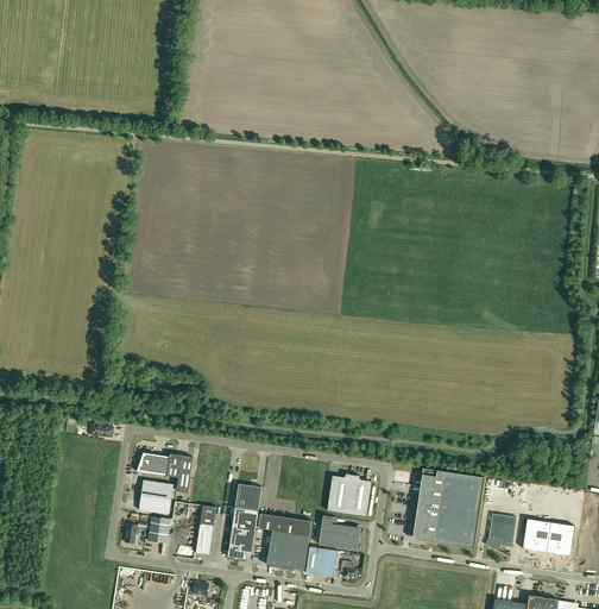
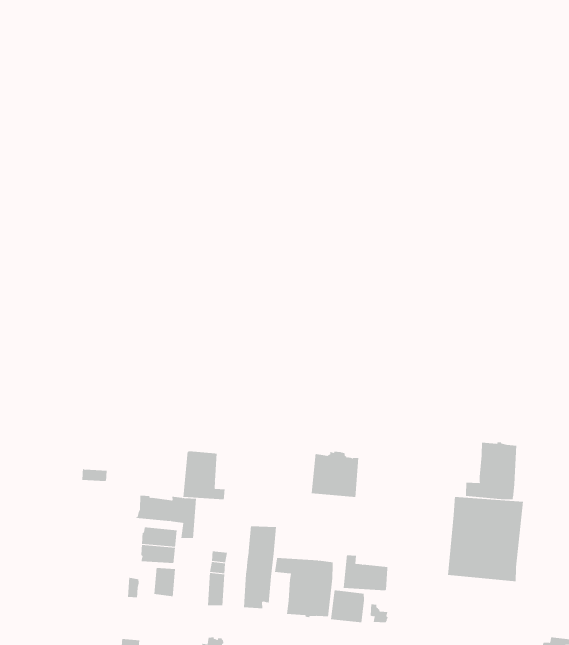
building: none -> [183,450,225,500]
building: none -> [465,441,517,500]
building: [326,473,371,516] -> [311,451,359,498]
building: [483,514,515,551] -> none

